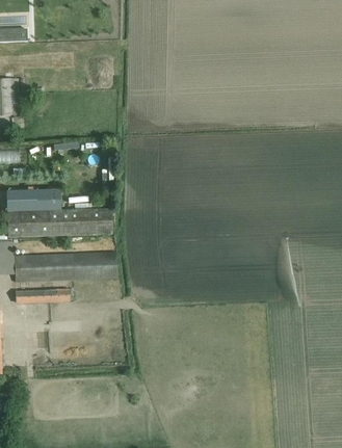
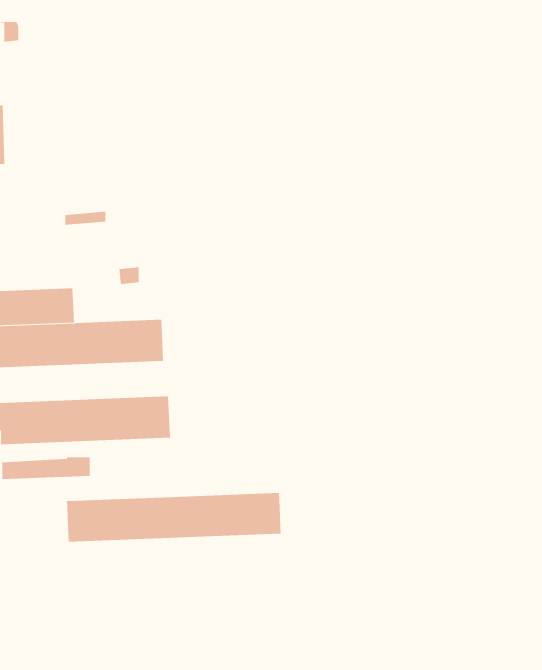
building: none -> [67,492,281,542]

